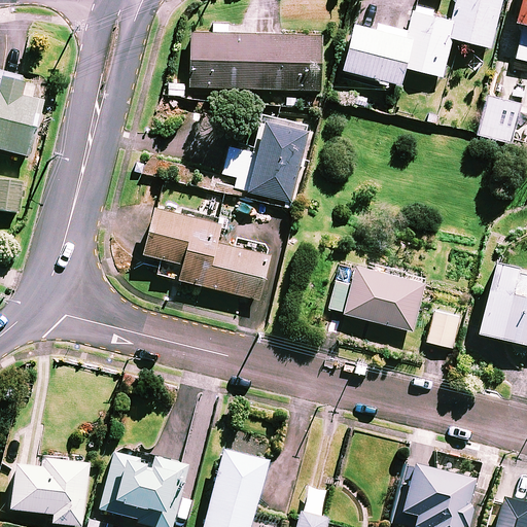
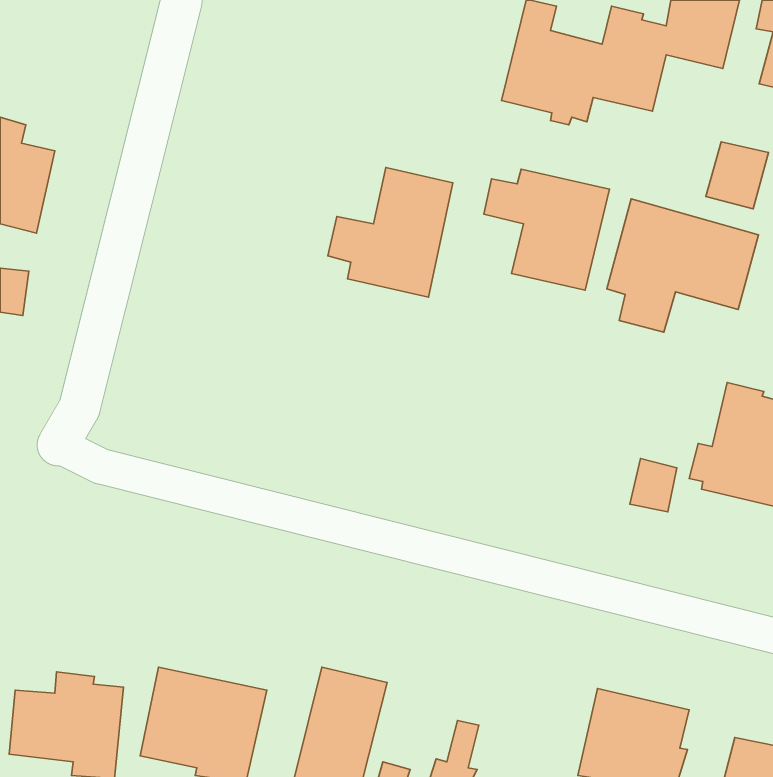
building: [190,24,323,90] -> none
building: none -> [484,169,610,290]
building: none -> [607,199,758,332]
building: [143,206,273,298] -> none
building: [330,260,428,330] -> none

